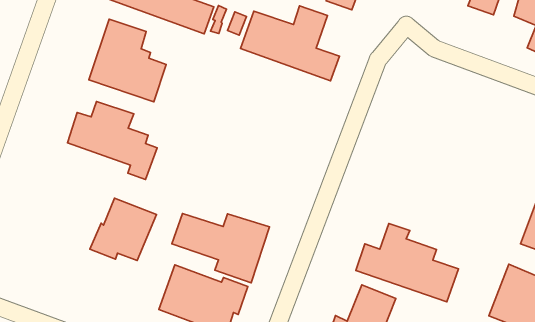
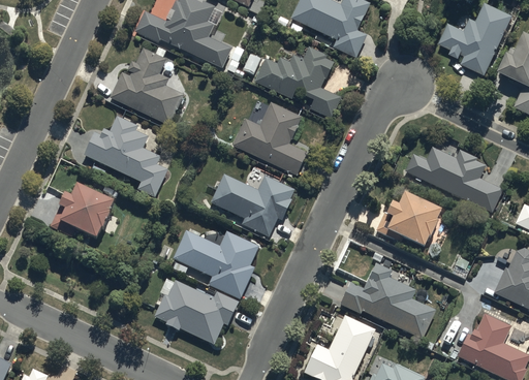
building: none -> [235,106,311,178]
building: none -> [403,142,502,205]
building: none -> [375,187,439,248]
building: none -> [211,177,295,240]
building: [90,198,157,261] -> [52,184,116,243]

